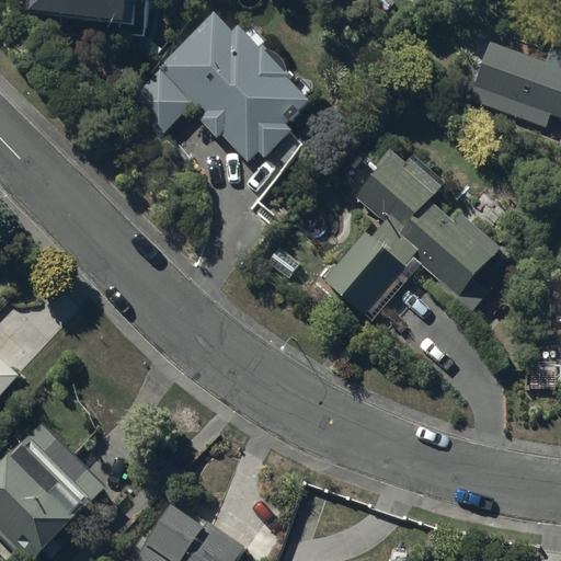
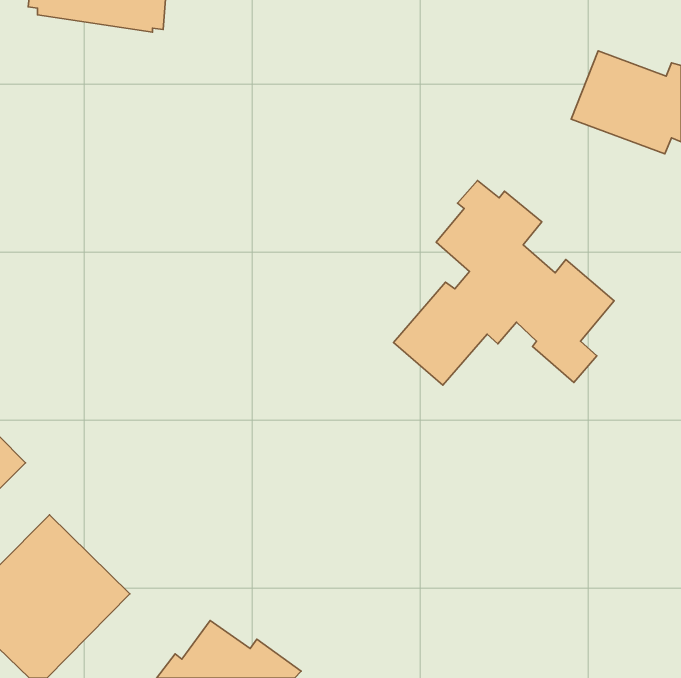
building: [125,14,312,161] -> none

